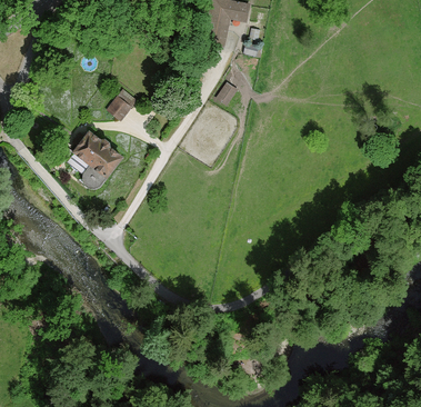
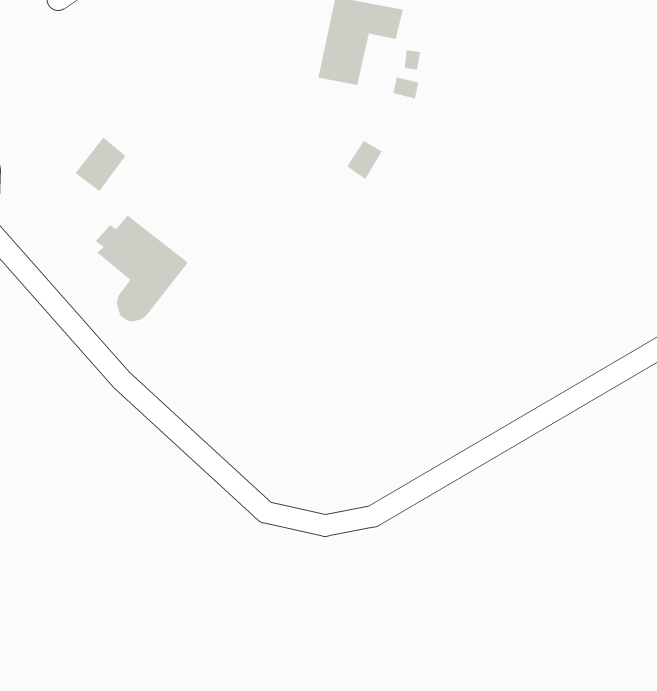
building: [106,89,136,121] -> [75,137,126,192]

